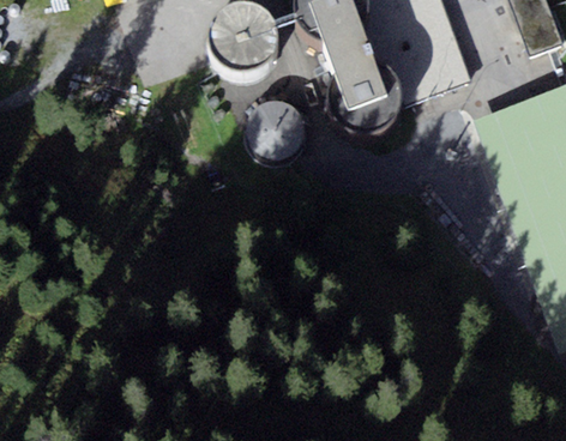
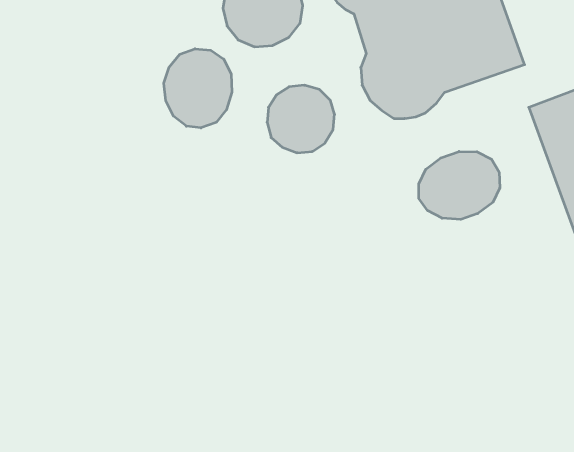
building: none -> [164,49,232,128]
building: none -> [419,151,500,219]

